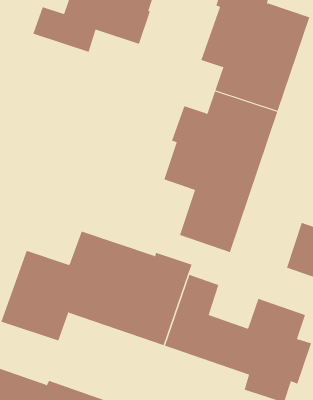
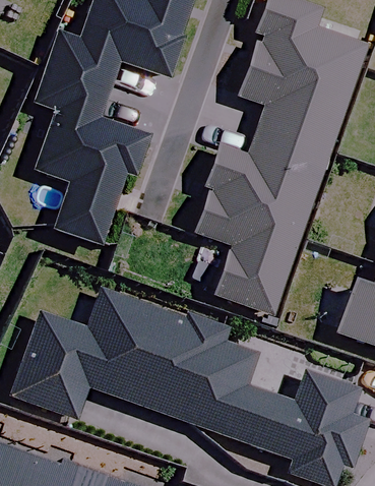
building: none -> [35,63,150,242]

